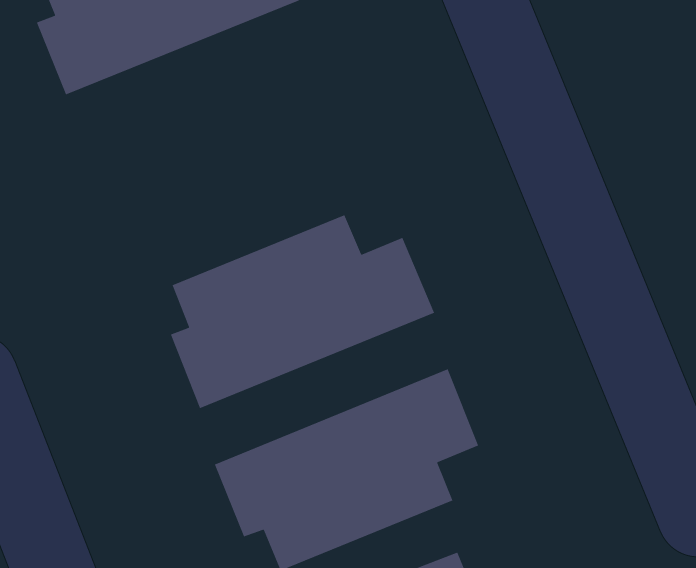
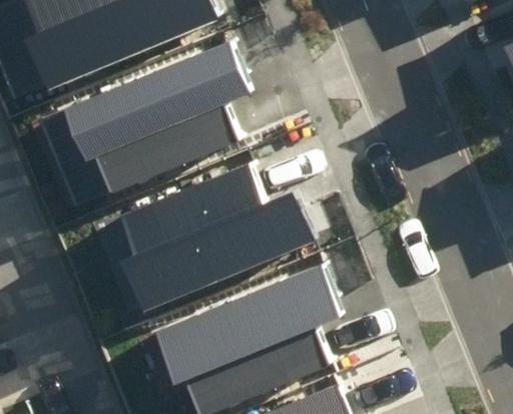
building: none -> [63,39,251,183]

